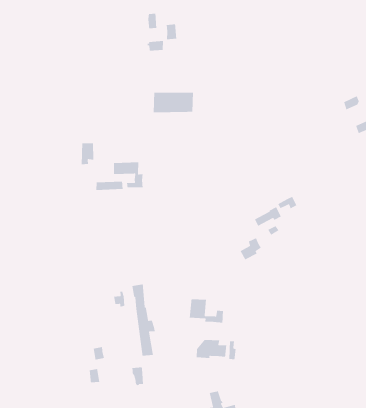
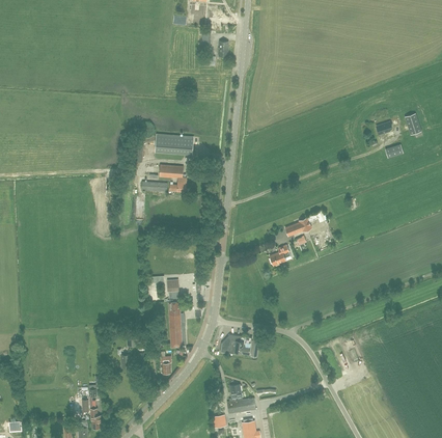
building: [153,92,194,113] -> [154,132,193,154]
building: [189,298,224,323] -> none

